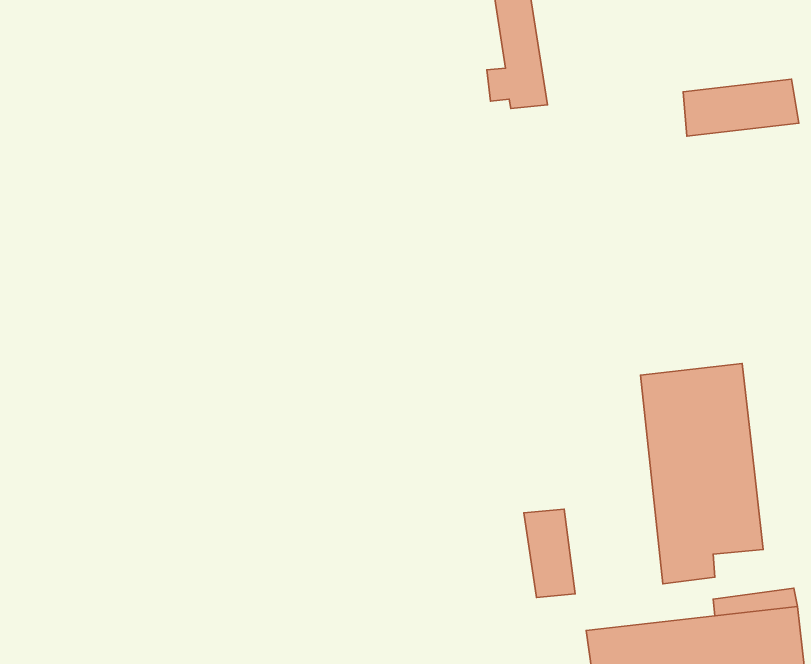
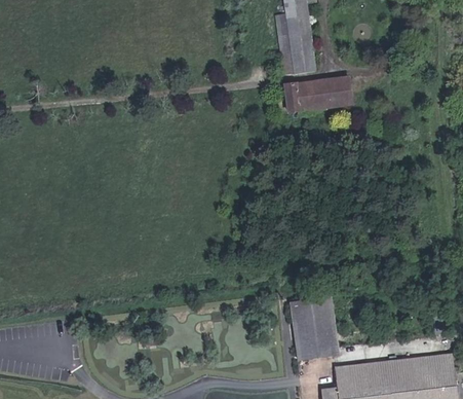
building: [683,79,799,136] -> [287,78,352,110]
building: [640,364,763,584] -> none

